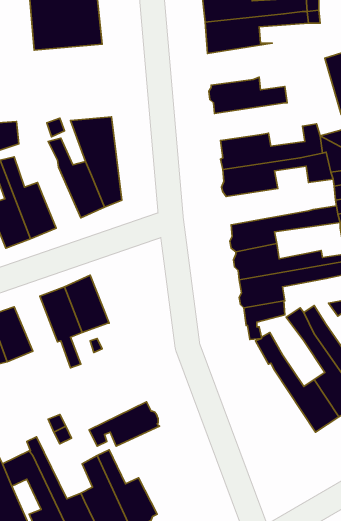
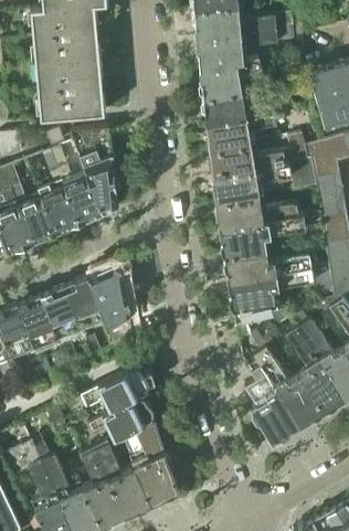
building: none -> [198,60,265,99]
building: none -> [35,61,105,120]
building: none -> [205,116,275,151]
building: none -> [39,152,80,234]
building: none -> [214,197,298,231]
building: none -> [88,268,133,348]
building: none -> [17,298,57,350]
building: none -> [245,368,300,443]
building: none -> [80,369,148,411]
building: none -> [129,421,178,503]

